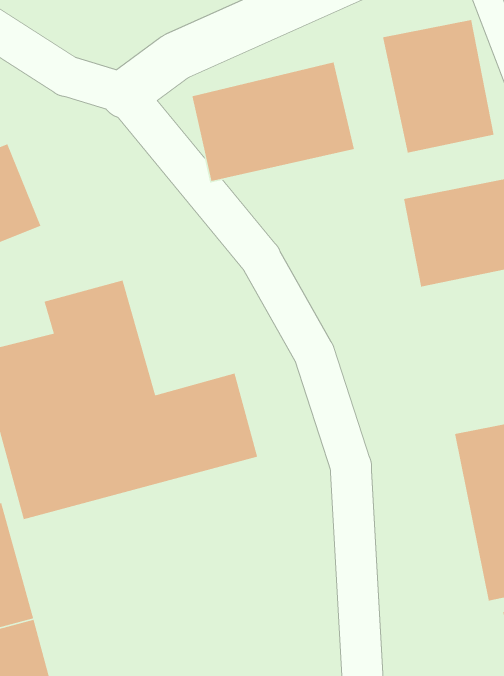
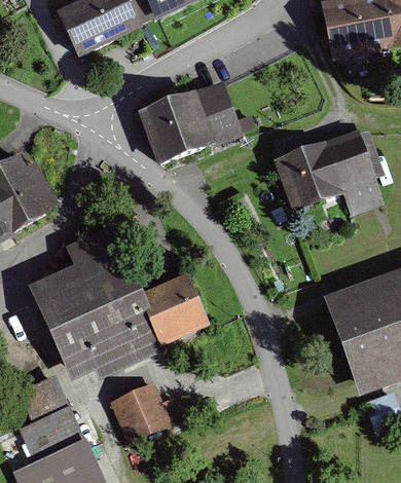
building: [382,19,494,153] -> none
building: none -> [109,381,186,447]

